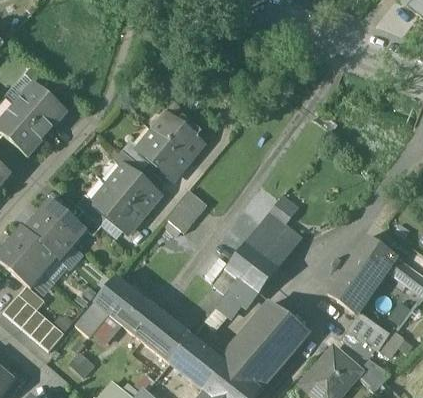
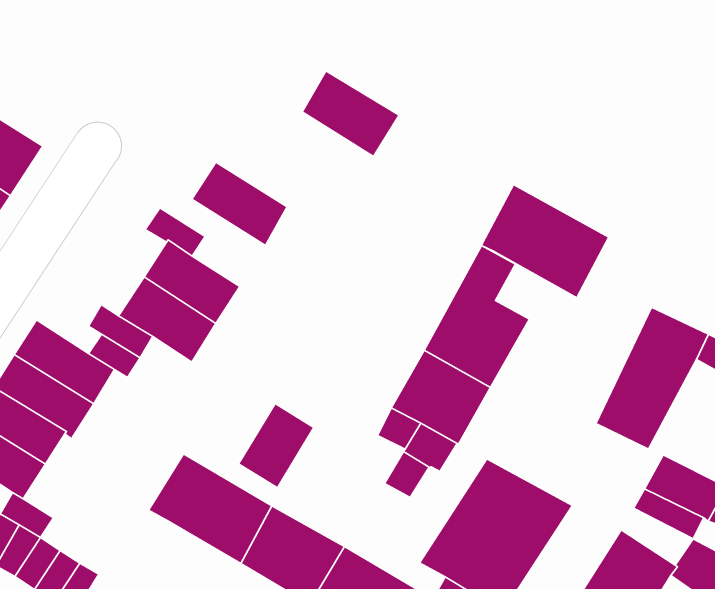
building: [154,111,203,158] -> [302,71,399,156]
building: none -> [482,185,609,298]
building: [165,188,206,231] -> [239,404,314,488]
building: [75,302,106,336] -> none

